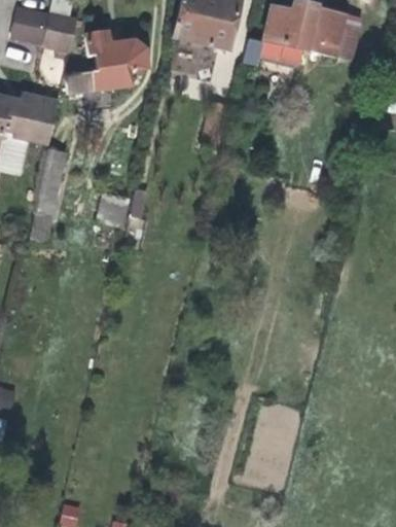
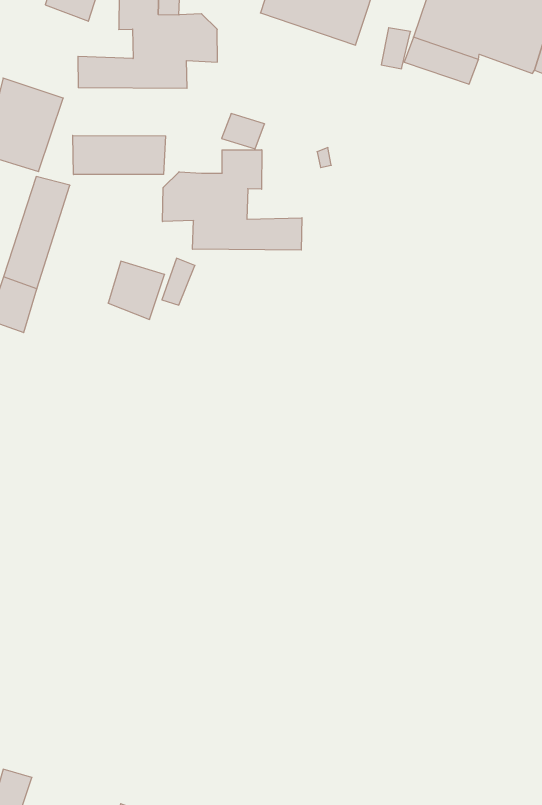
building: none -> [73,135,166,175]
building: none -> [163,150,302,250]

